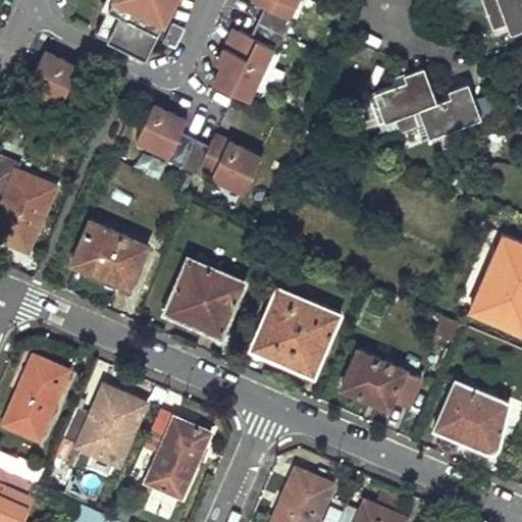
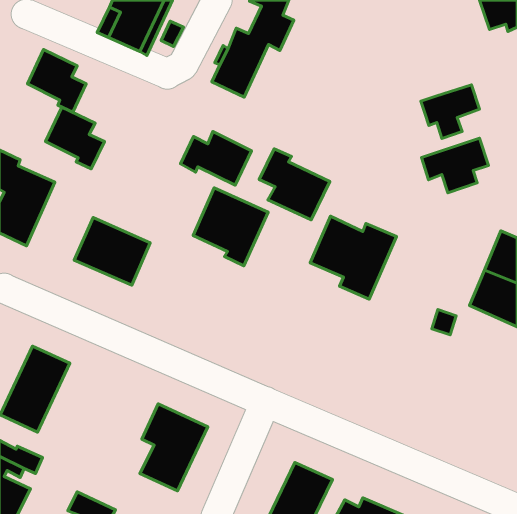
building: [371,72,438,127] -> [422,138,488,193]
building: [136,106,195,168] -> [46,107,104,169]
building: none -> [259,149,330,220]
building: [171,259,247,337] -> [193,188,268,266]
building: [257,297,344,380] -> [310,216,396,299]
building: [345,353,424,412] -> none
building: [62,385,144,465] -> none
building: [434,385,511,455] -> none

